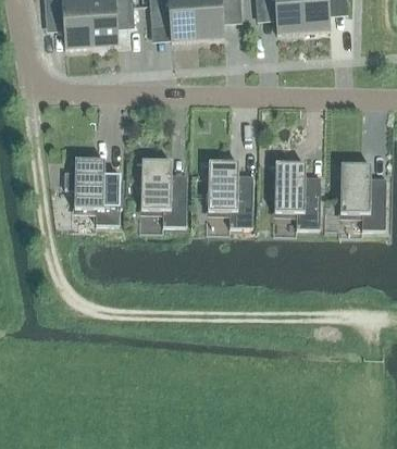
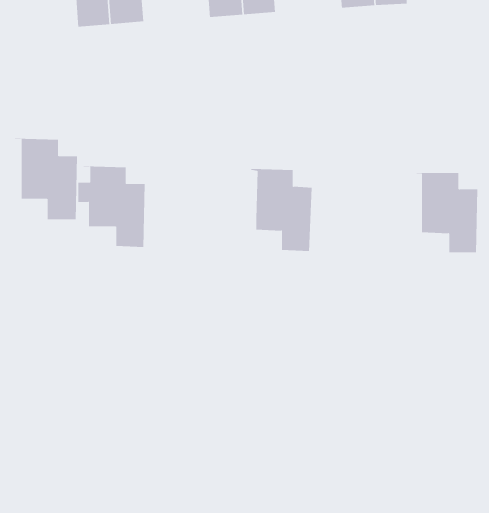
building: [136,161,187,226] -> [14,138,78,220]
building: [270,163,321,228] -> none

